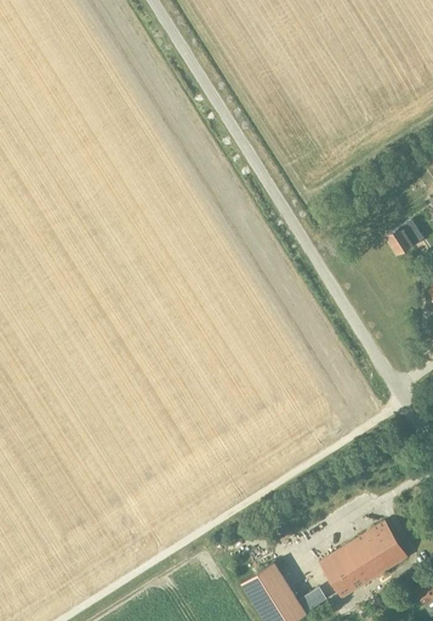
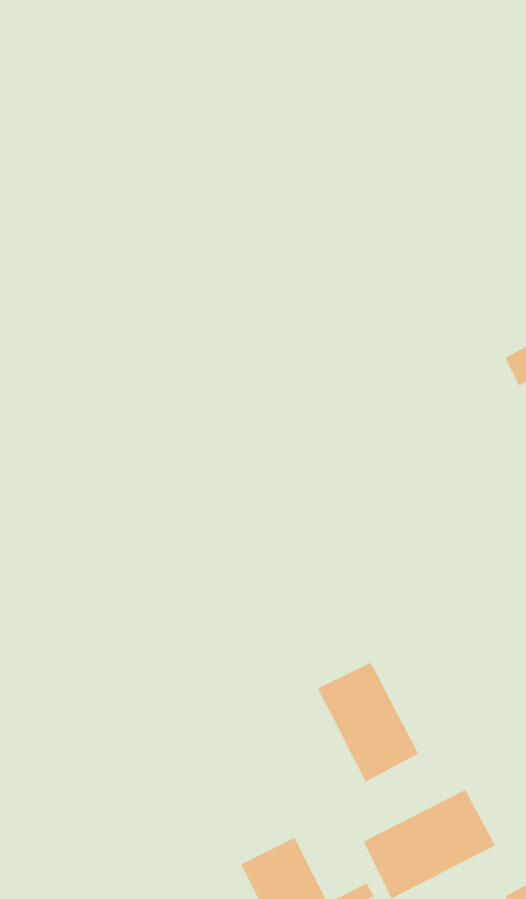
building: none -> [317,662,419,782]

